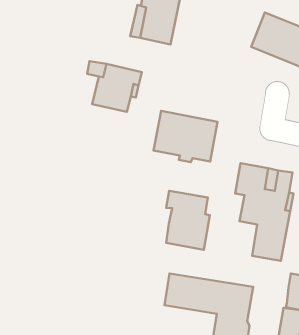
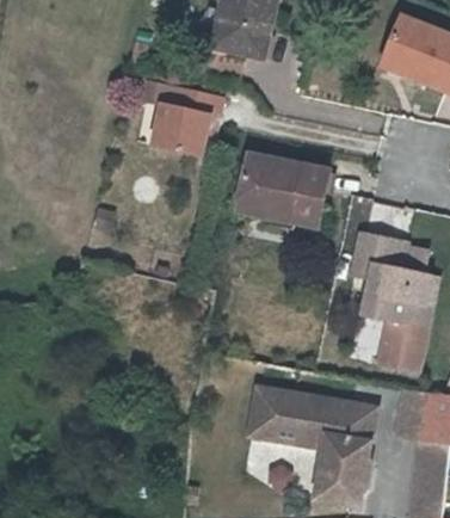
building: [166,191,210,250] -> none

